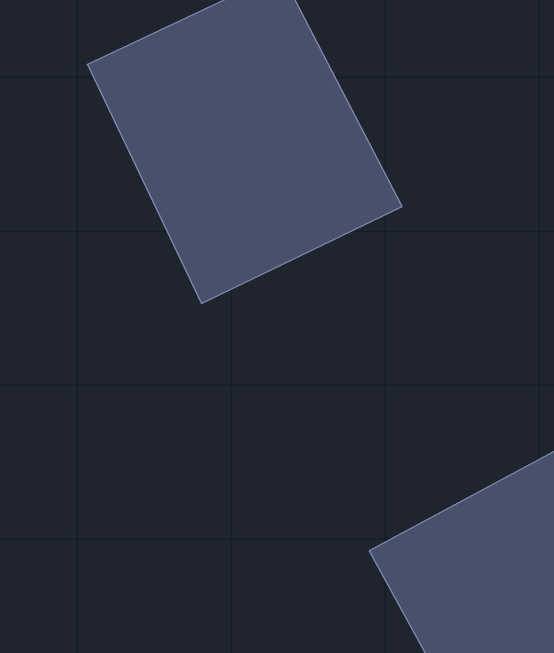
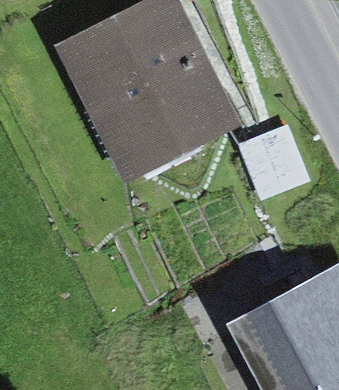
building: none -> [240,125,311,201]

